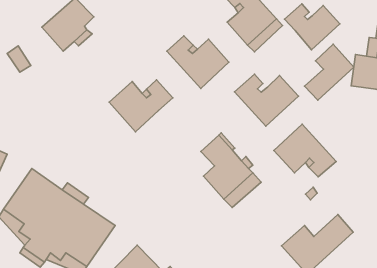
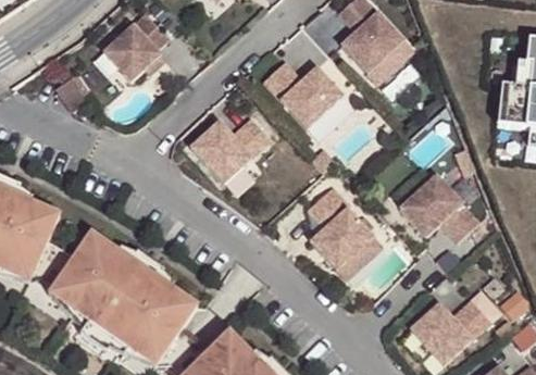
building: [284,4,340,50] -> none
building: [305,44,354,100] -> none
building: [234,74,299,126] -> none

